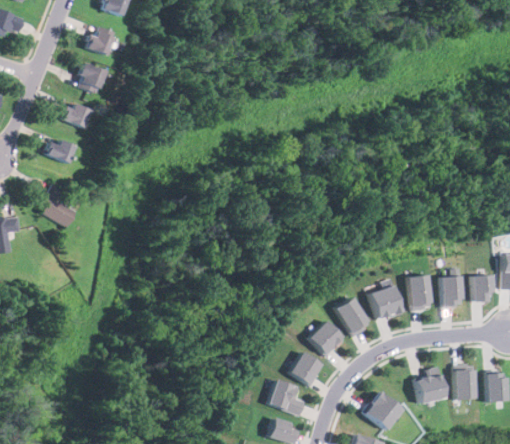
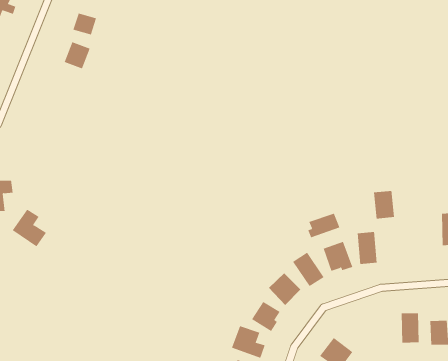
building: [64,102,93,128] -> none
building: [46,139,78,163] -> none
building: [40,185,79,228] -> [12,209,47,247]
building: none -> [307,213,340,238]
building: [437,275,461,307] -> [373,190,395,219]
building: [469,275,489,302] -> none
building: [414,366,445,404] -> none

